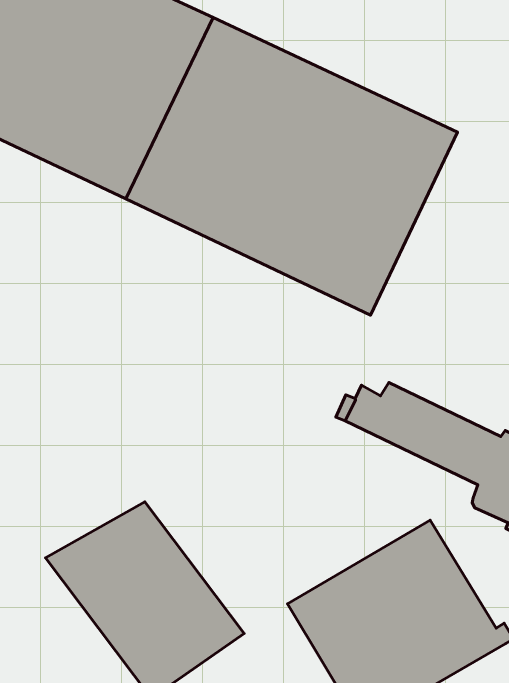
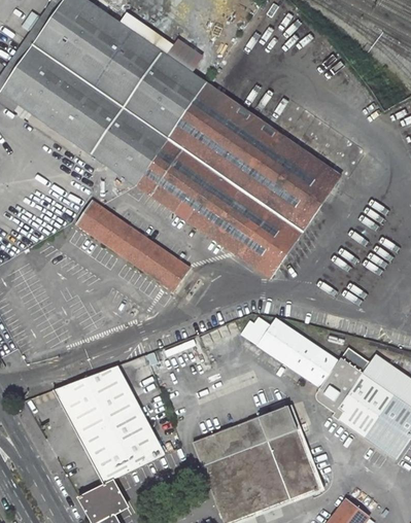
building: none -> [81,200,191,290]

